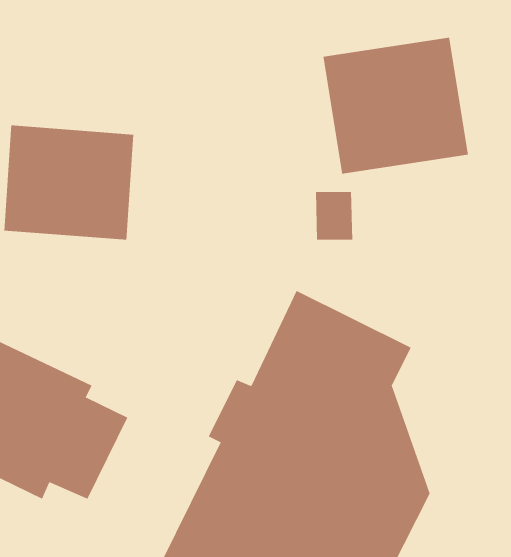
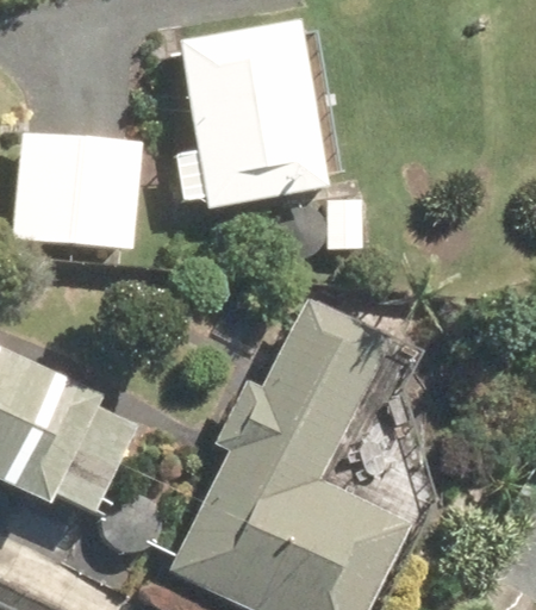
building: none -> [179,20,325,208]
building: [323,37,469,174] -> none

